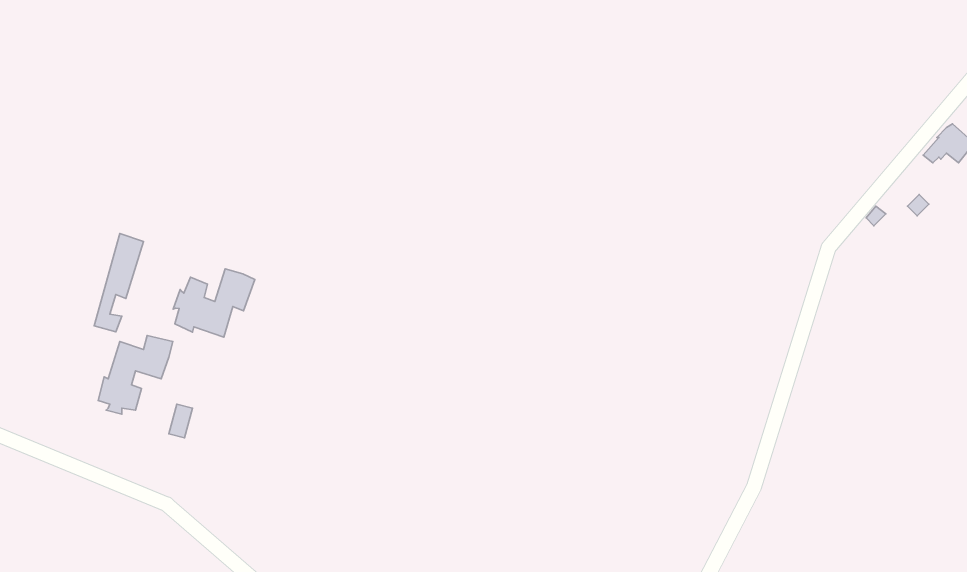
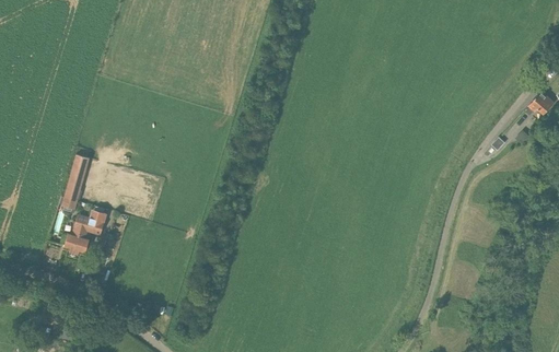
building: [173,269,255,337] -> none

